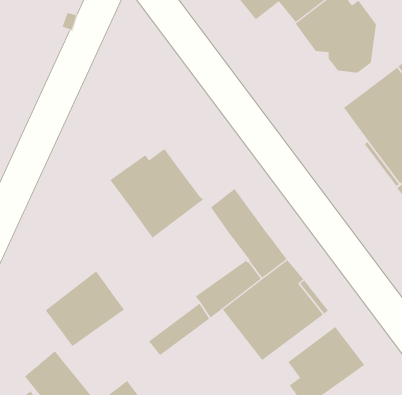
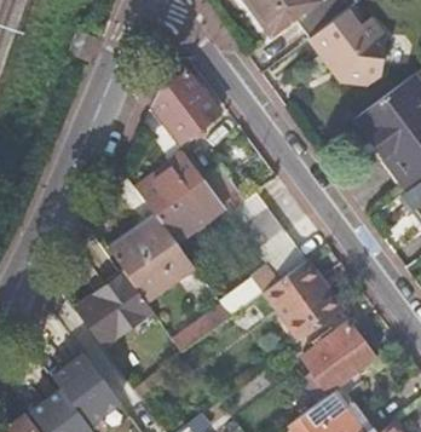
building: none -> [151,71,219,142]
building: none -> [109,214,194,298]

